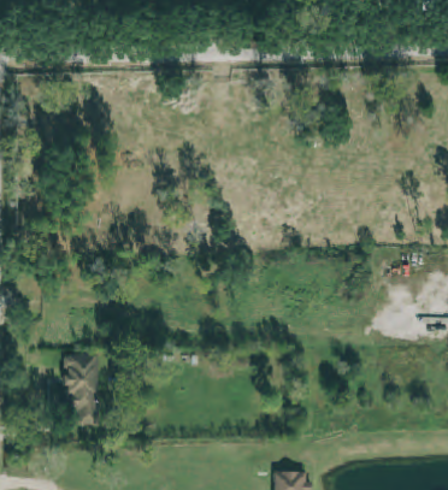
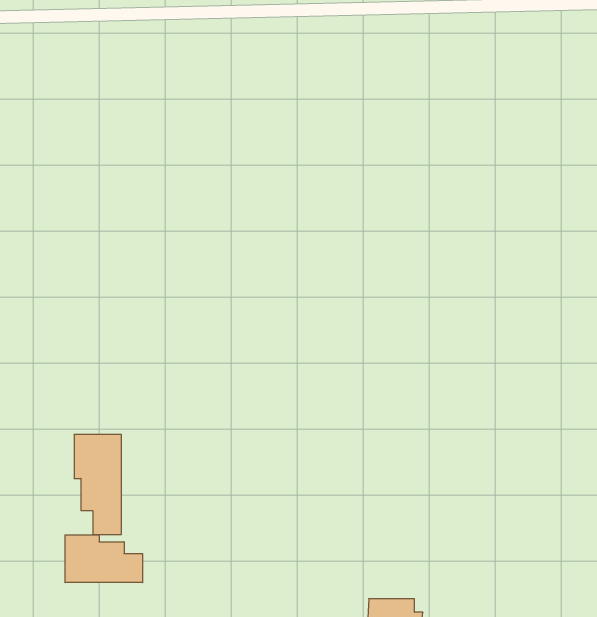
building: none -> [65,535,143,583]

